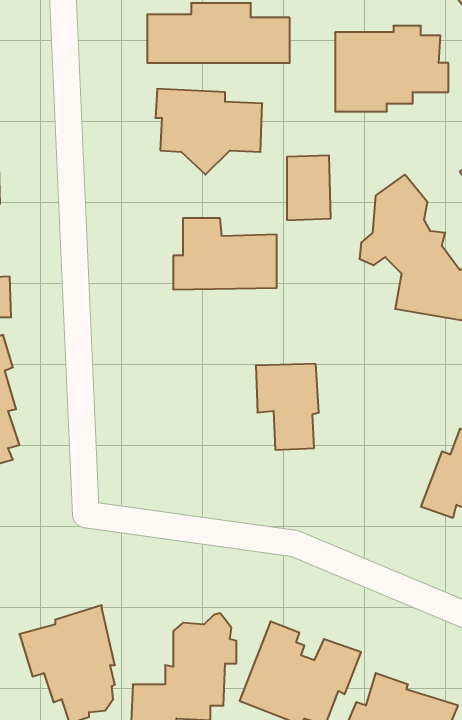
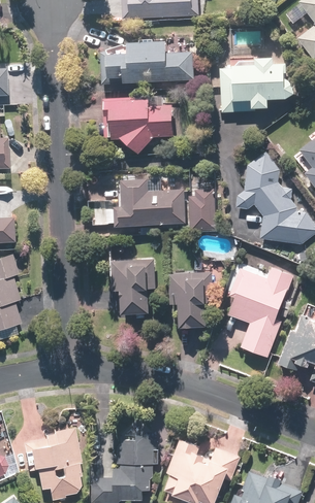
building: [287,155,331,220] -> [187,190,215,231]
building: none -> [112,259,155,313]
building: none -> [223,266,292,358]

